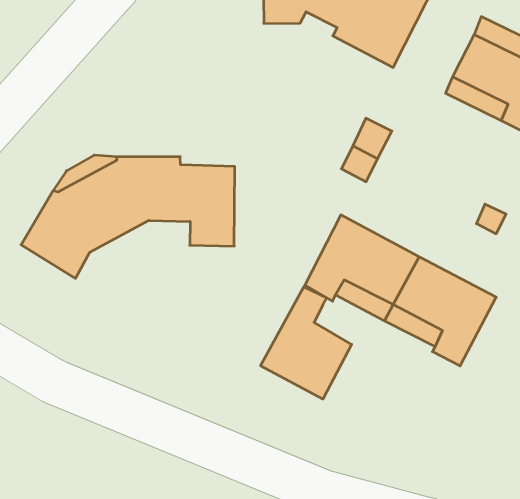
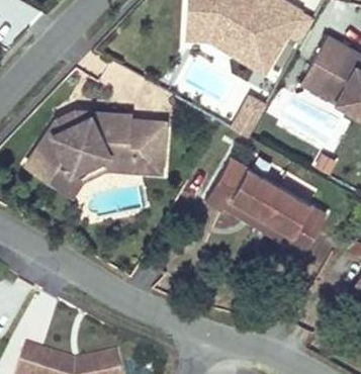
building: none -> [186,25,268,71]
building: none -> [59,153,133,195]
building: [261,287,352,399] -> none

